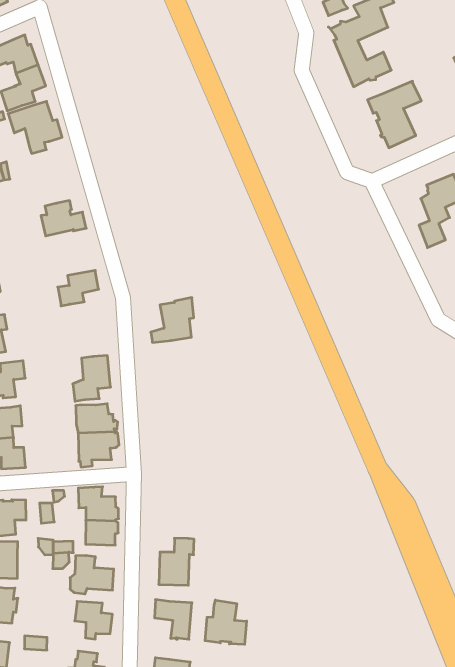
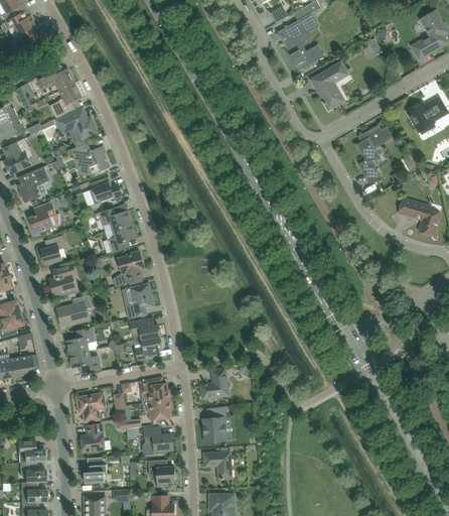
building: none -> [69,141,110,175]
building: none -> [94,207,132,230]
building: [151,298,194,342] -> [113,250,142,285]
building: none -> [200,369,228,398]
building: [205,600,247,644] -> none

